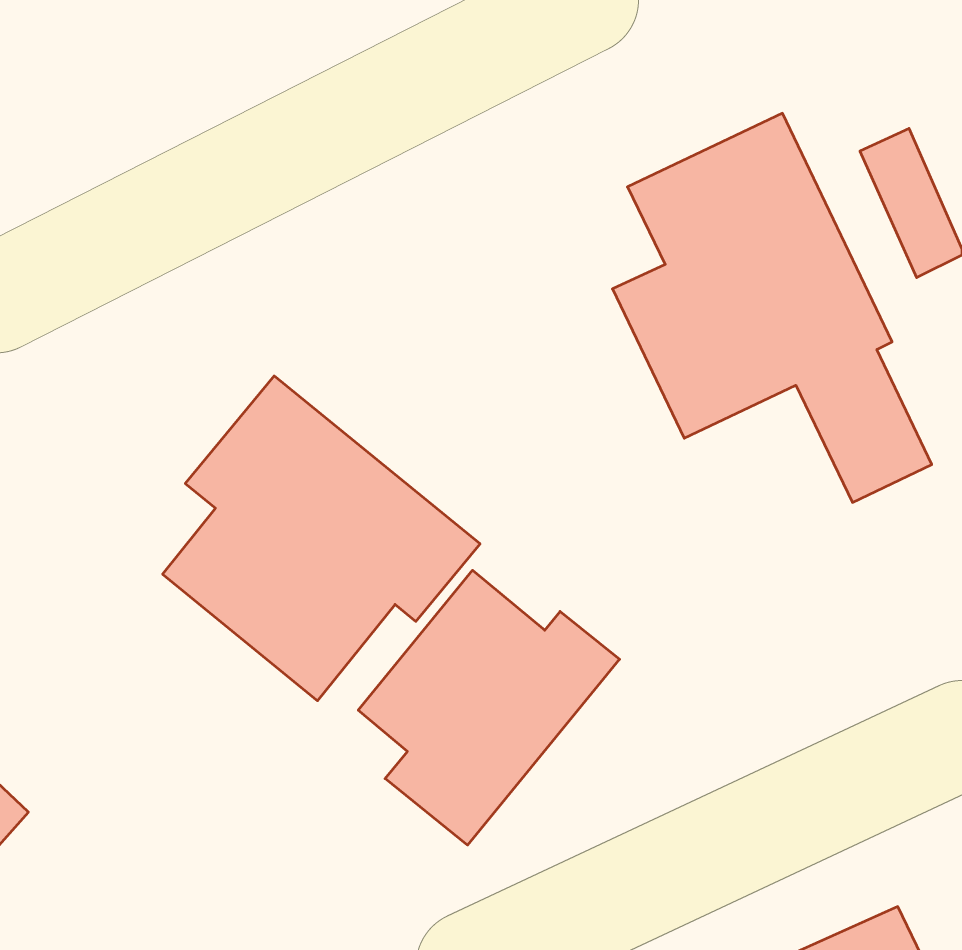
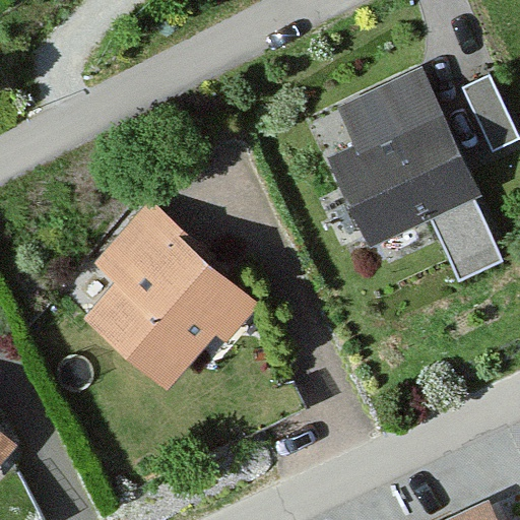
building: [358,570,620,845] -> none

